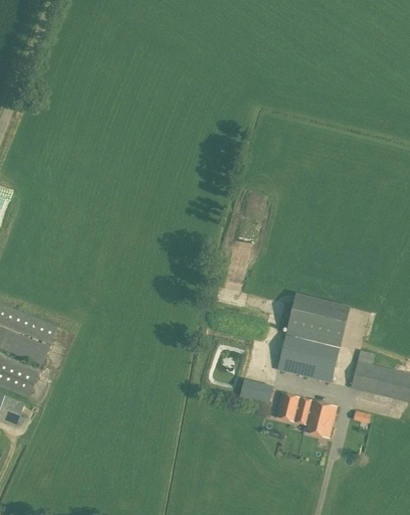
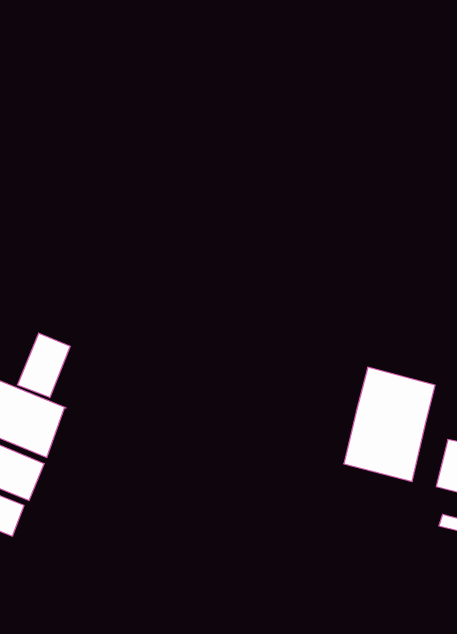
building: none -> [18,333,70,398]
building: [238,378,273,403] -> none
building: [275,392,338,438] -> none

